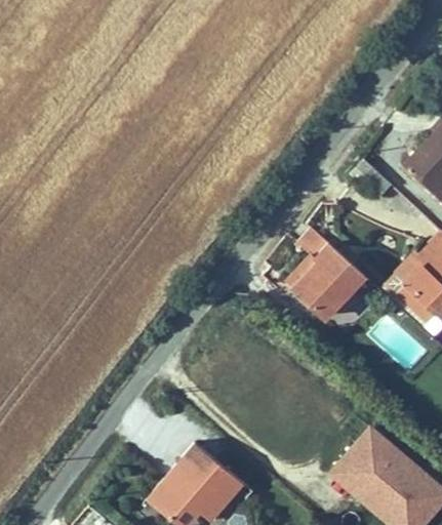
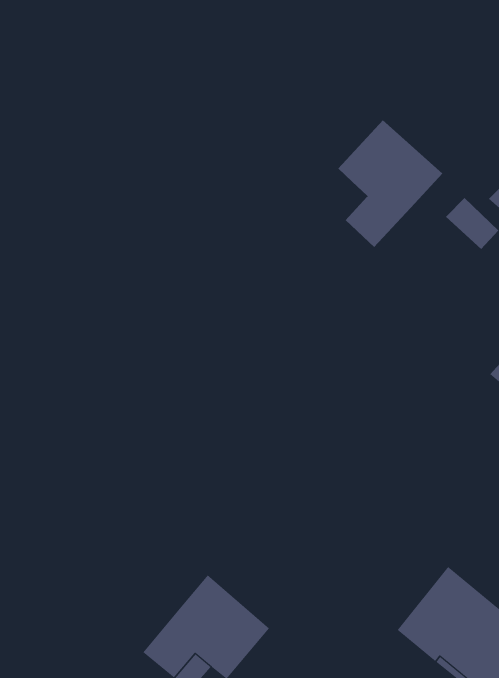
building: none -> [337,119,443,248]
building: [295,242,359,312] -> none

